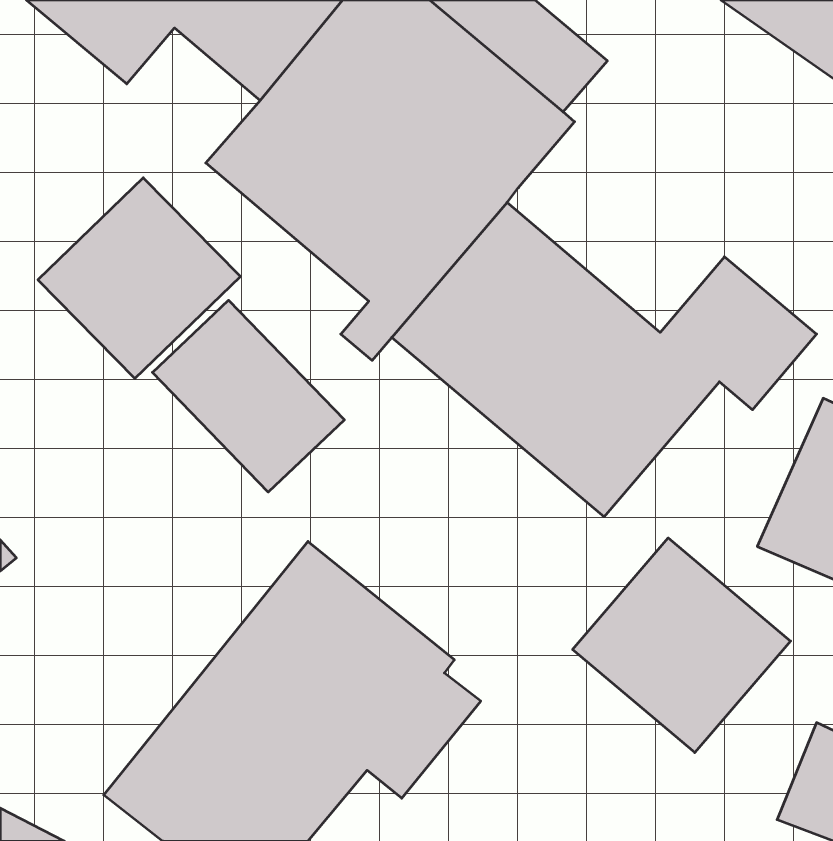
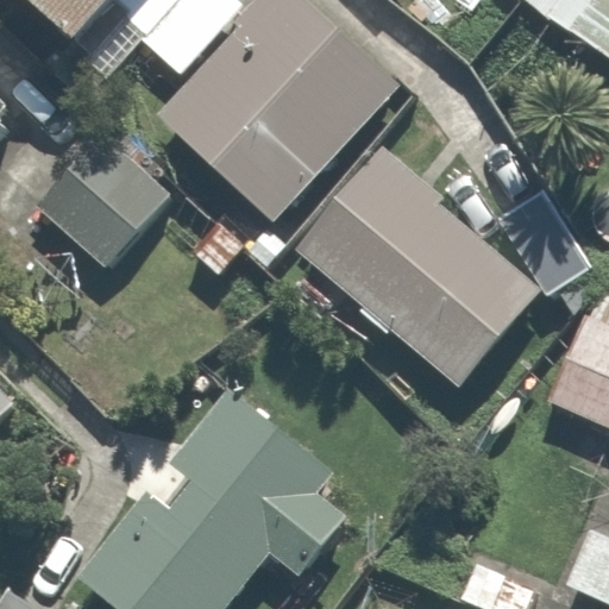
building: [152,300,344,492] -> none
building: [573,538,791,753] -> none

